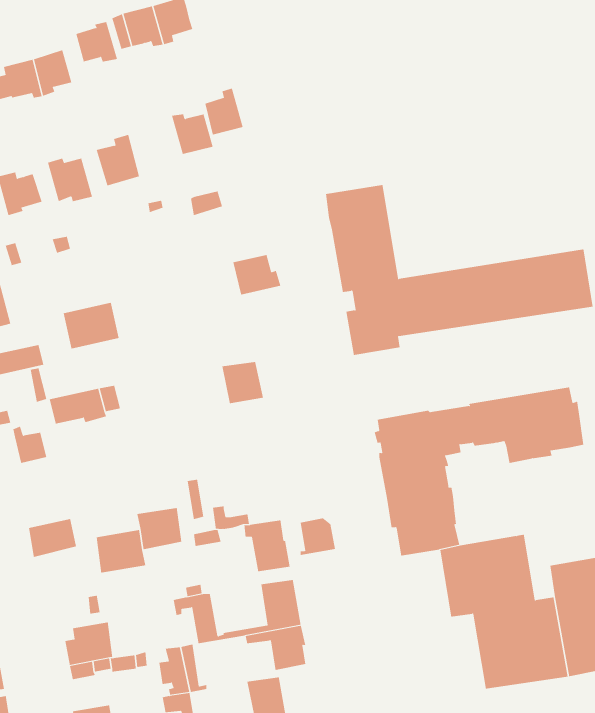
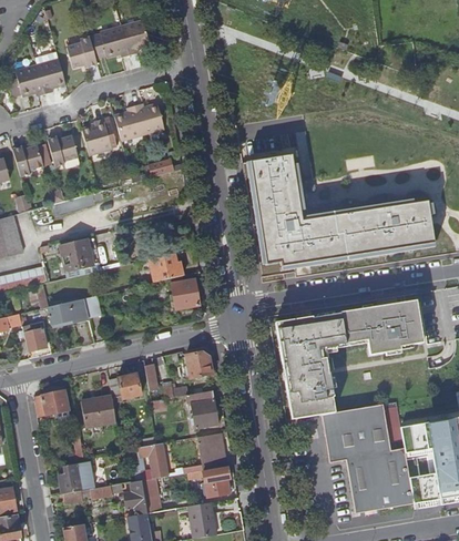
building: [204,88,244,135] -> [114,105,142,139]
building: [233,254,281,295] -> [149,253,183,282]
building: [300,518,336,555] -> [186,351,212,378]

